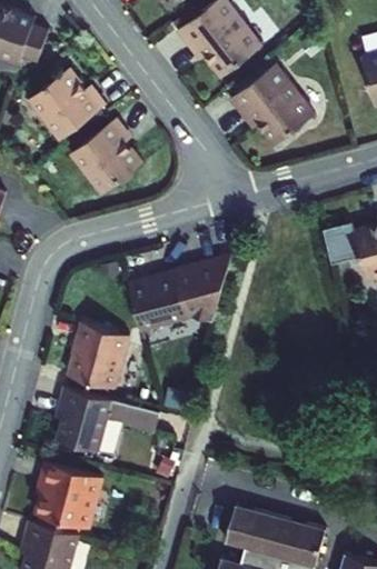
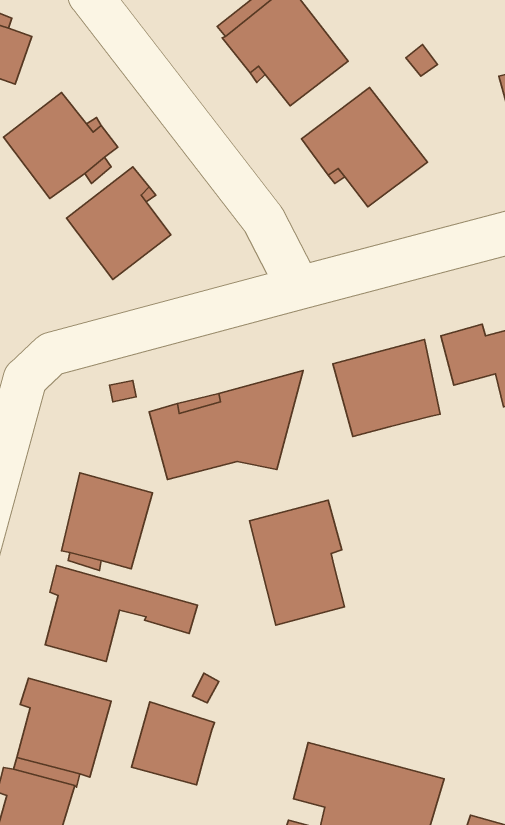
building: none -> [333,340,440,437]
building: none -> [249,500,344,625]
building: none -> [131,702,214,785]

